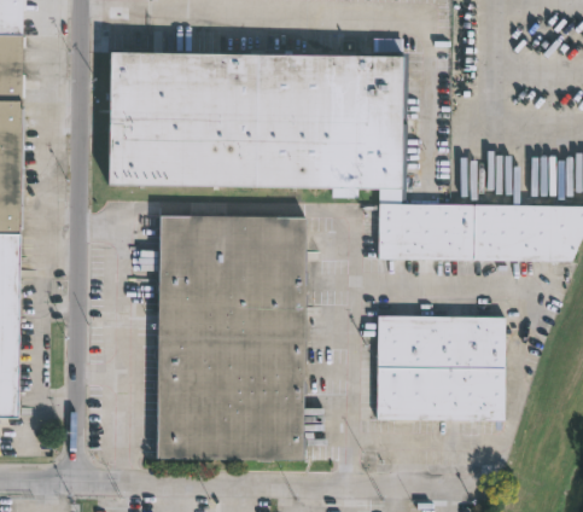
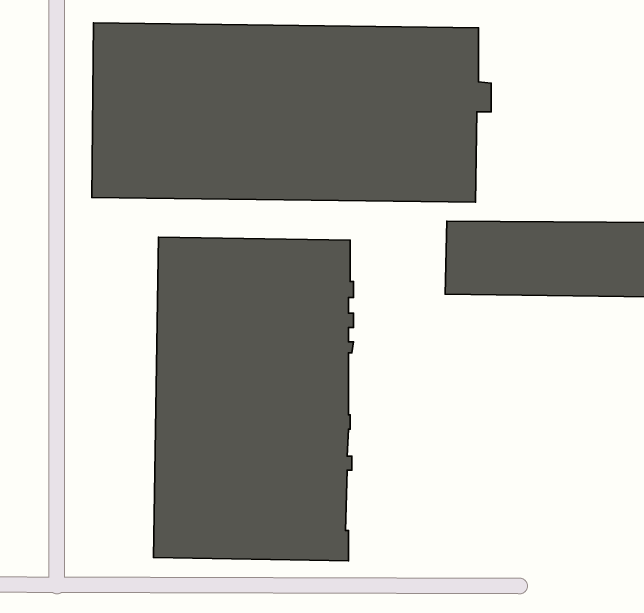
building: [377,316,506,420] -> none

